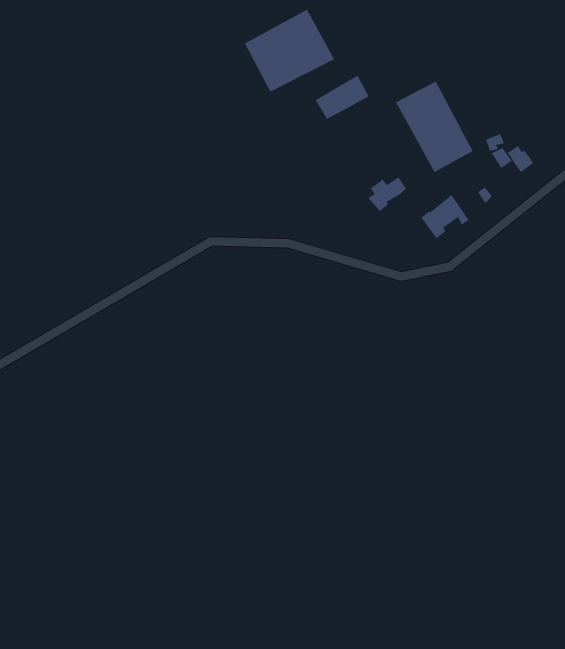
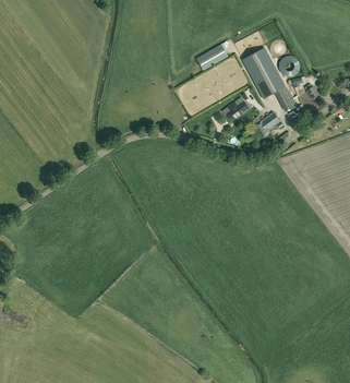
building: [244,9,335,92] -> none

